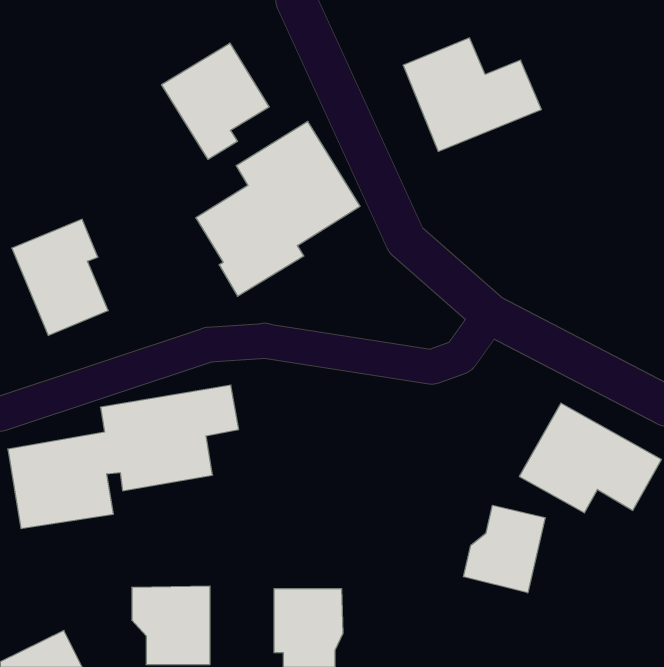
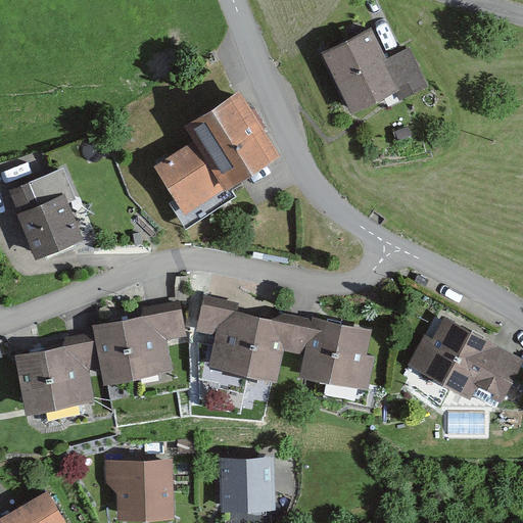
building: [162,43,269,159] -> none
building: none -> [200,293,376,391]
building: [463,505,545,593] -> none

